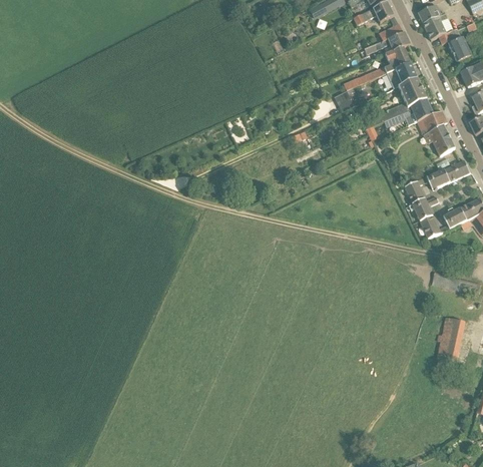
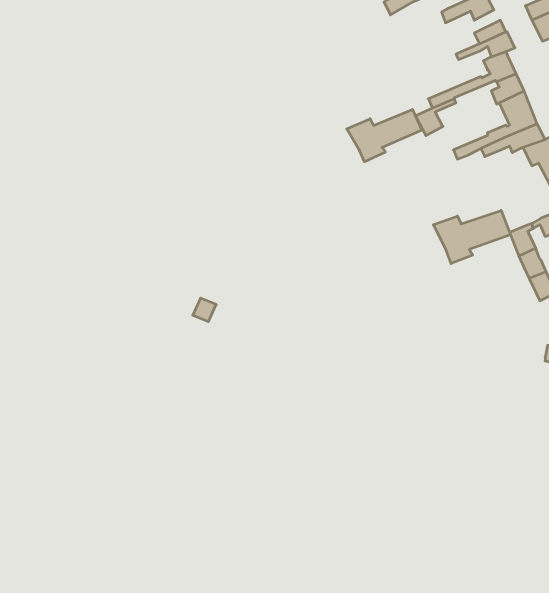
building: none -> [347,109,422,162]
building: none -> [433,210,511,264]

